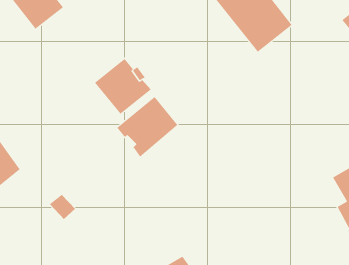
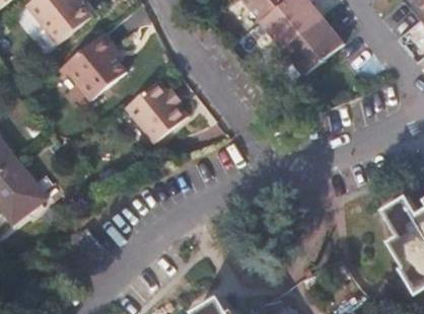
building: none -> [60,33,123,101]
building: [117,96,178,158] -> none

